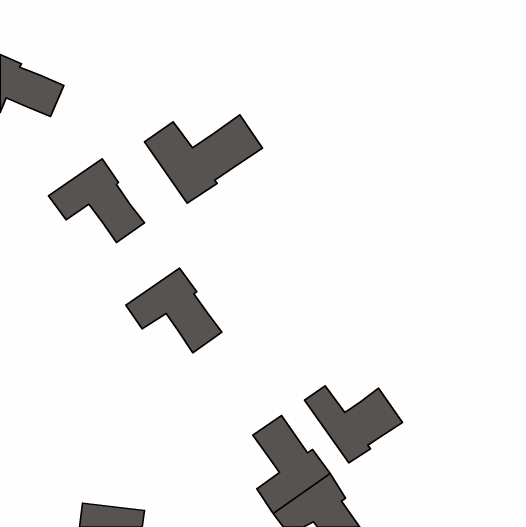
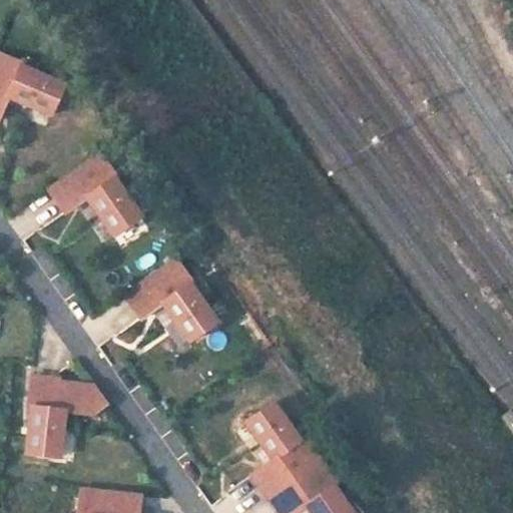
building: [145,115,262,203] -> none
building: [304,386,402,463] -> none
building: none -> [28,377,109,458]

